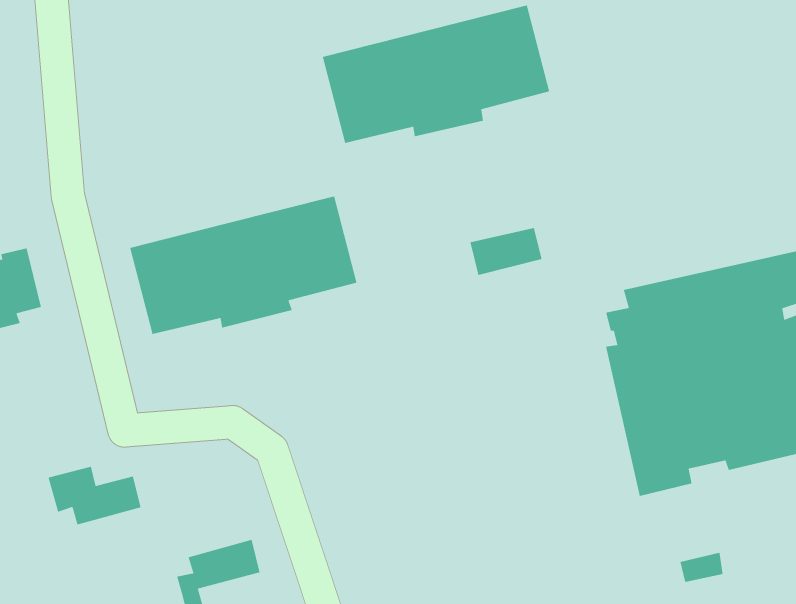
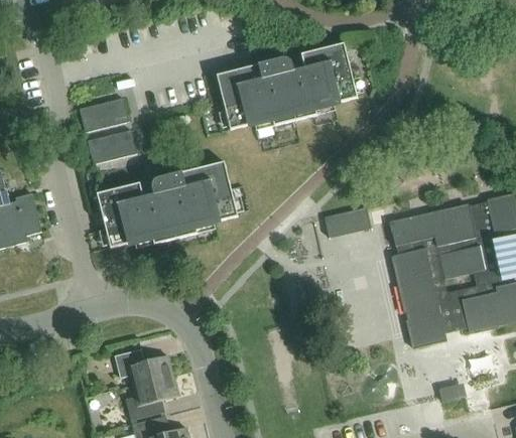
building: none -> [79,98,129,132]
building: none -> [87,130,137,164]
building: [470,227,542,276] -> [325,207,370,238]
building: [48,466,142,526] -> [114,348,172,386]

